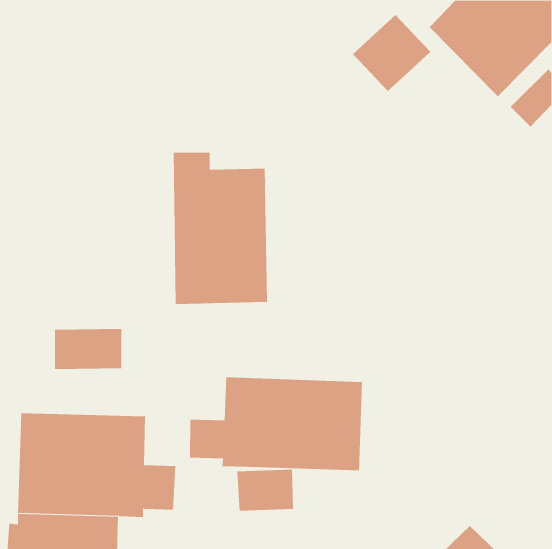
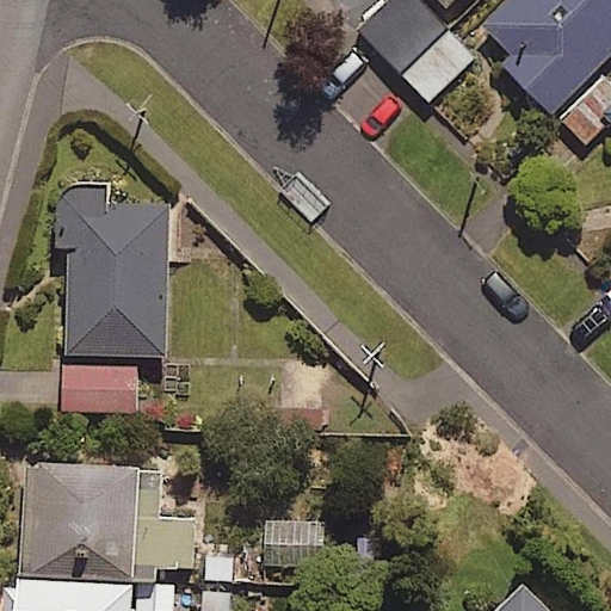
building: [173,152,268,304] -> [63,184,168,352]
building: [189,376,362,471] -> none

